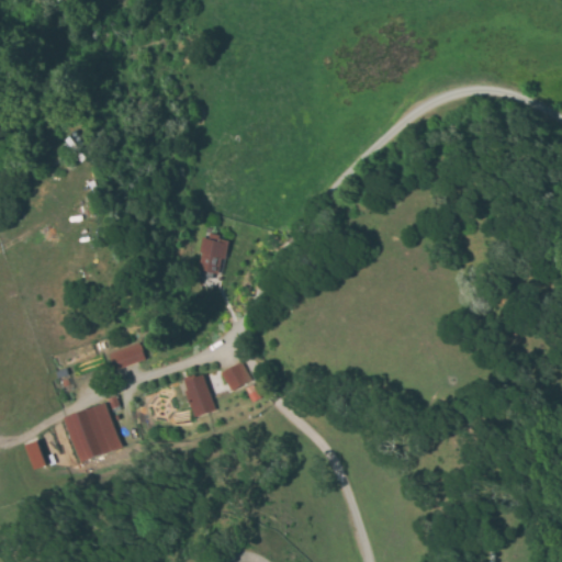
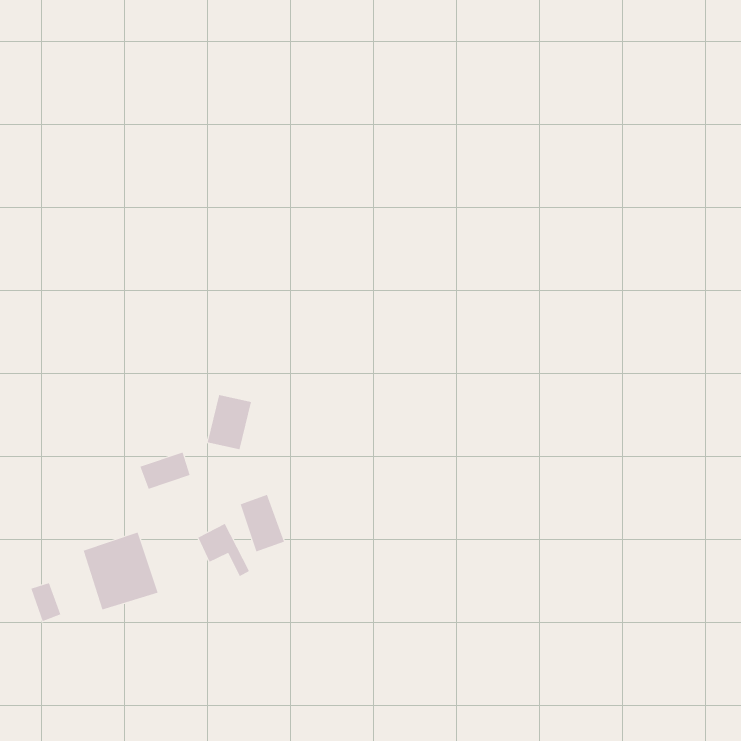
building: [194,233,228,274] -> [207,395,252,450]
building: [221,361,260,402] -> [197,523,250,577]

